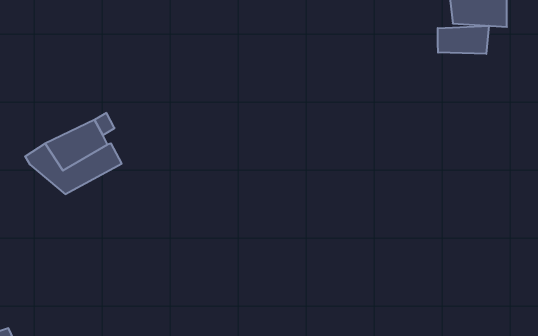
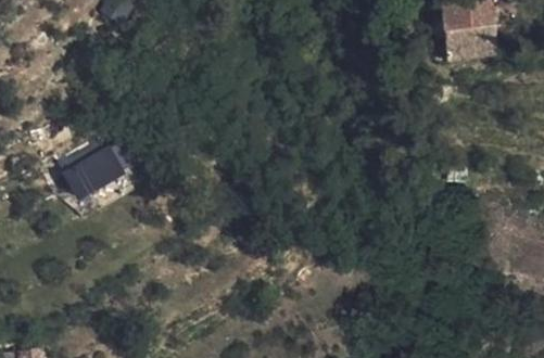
building: [438,26,489,54] -> none

